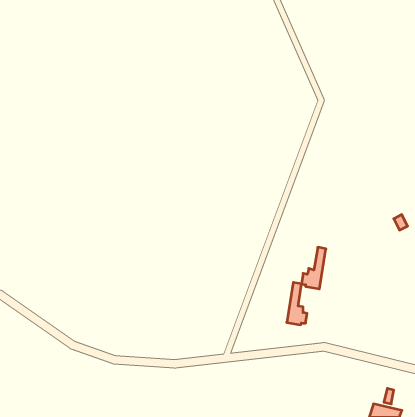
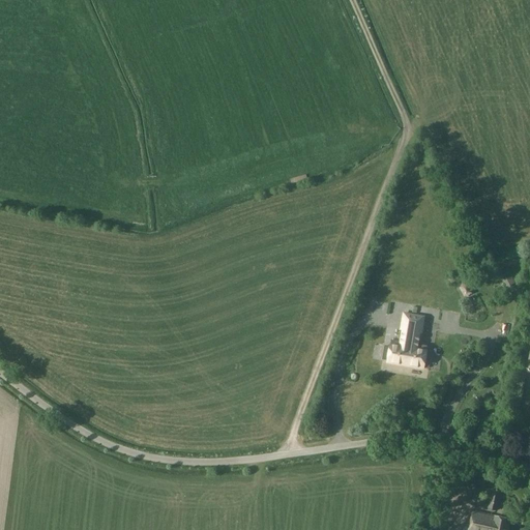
building: [287,282,307,325] -> [408,316,434,370]

